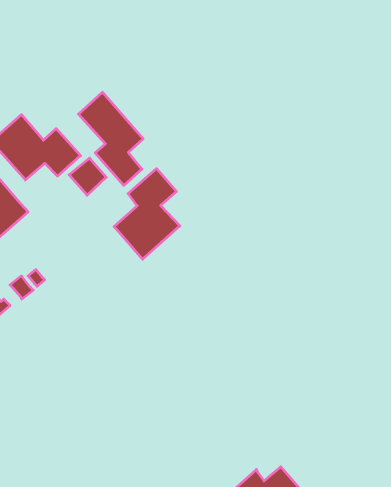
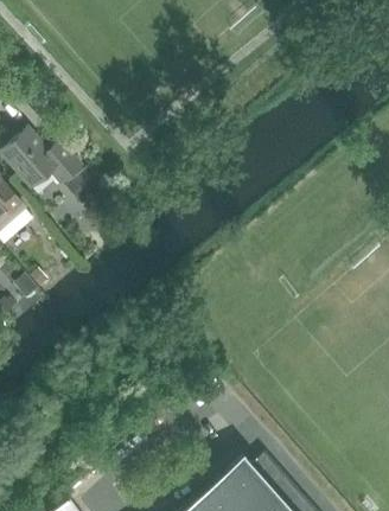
building: [78,92,143,185] -> none
building: [114,169,180,259] -> none

